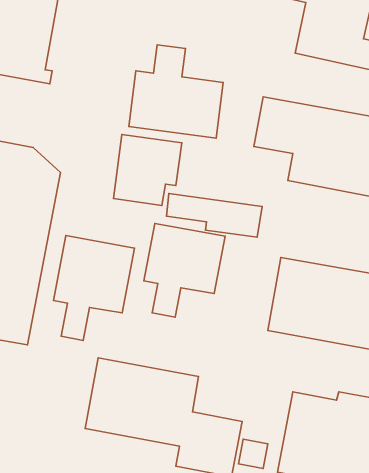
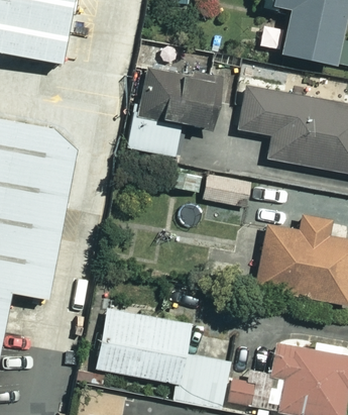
building: [144,223,225,317] -> none
building: [54,236,135,341] -> none

